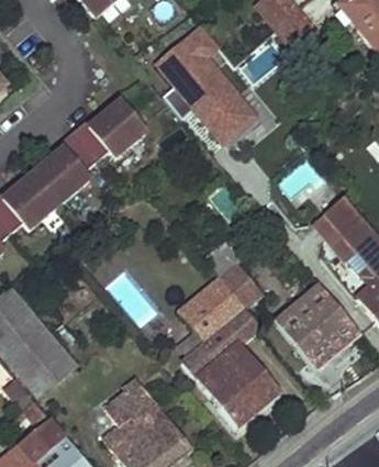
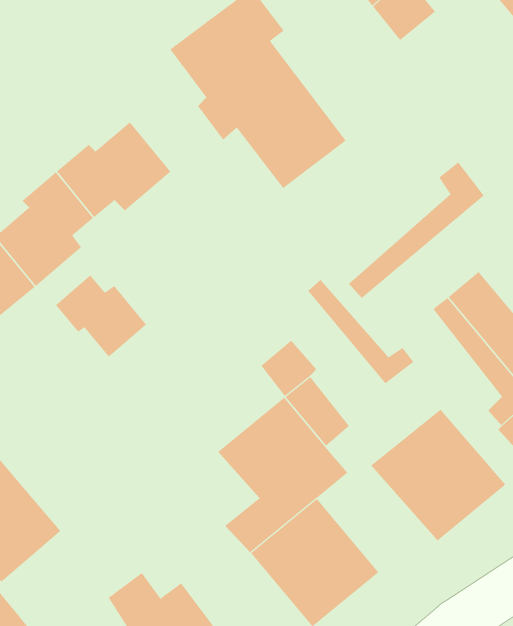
building: none -> [348,162,485,299]
building: none -> [55,274,147,357]
building: none -> [308,279,414,384]

